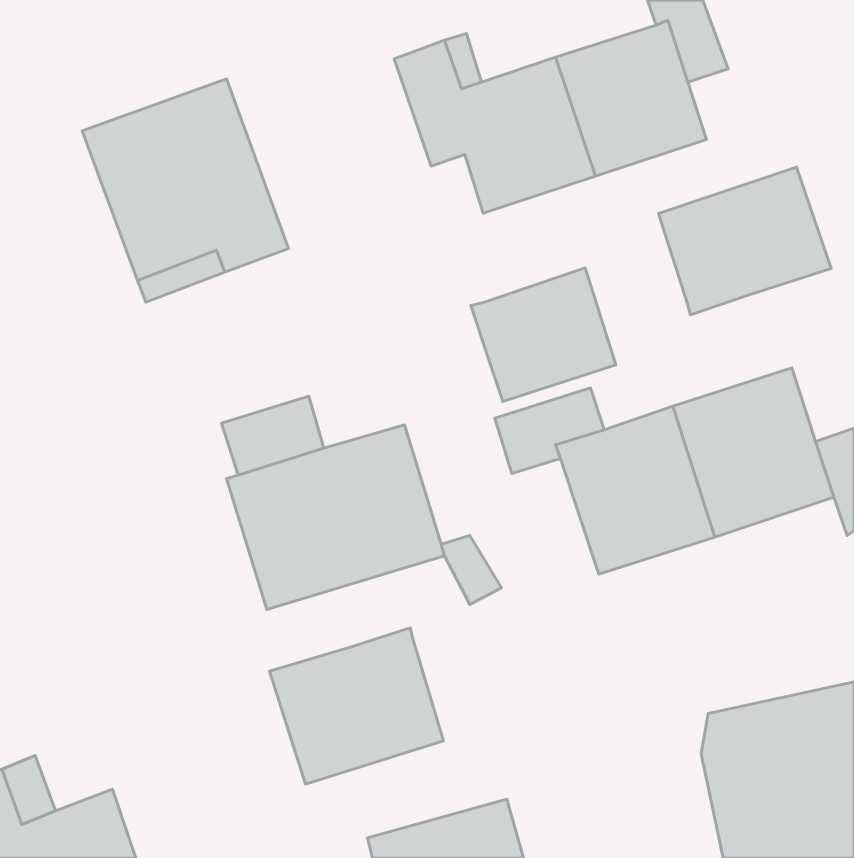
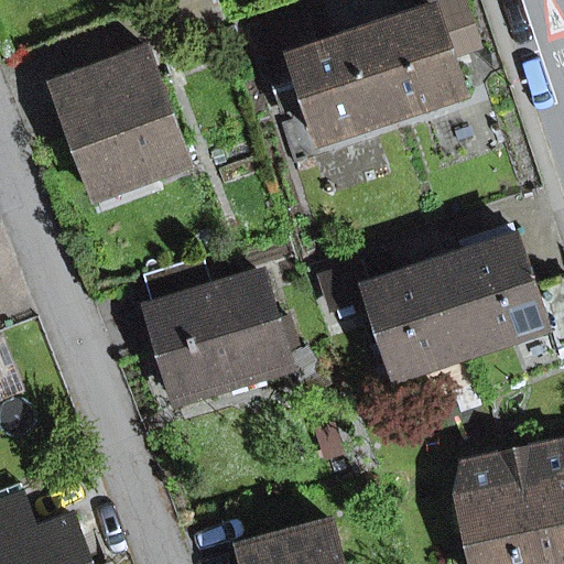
building: [658,167,831,315] -> none
building: [471,268,616,402] -> none
building: [270,628,444,784] -> none

